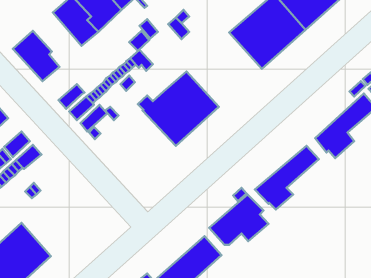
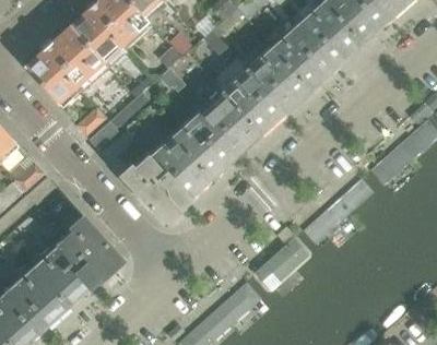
building: none -> [48,25,104,87]
building: none -> [224,48,310,133]
building: none -> [123,138,212,219]
building: none -> [35,217,122,305]

